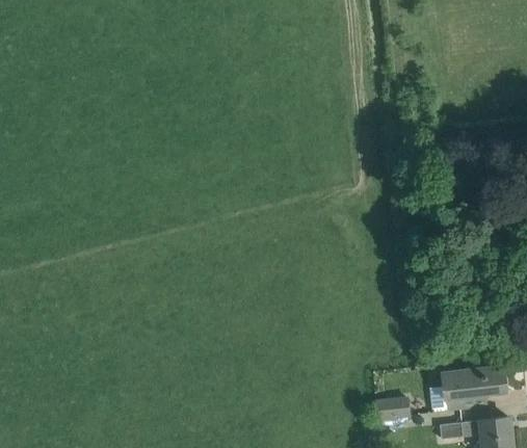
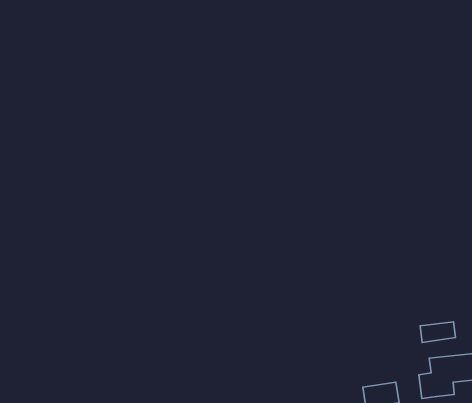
building: none -> [420,322,455,342]

